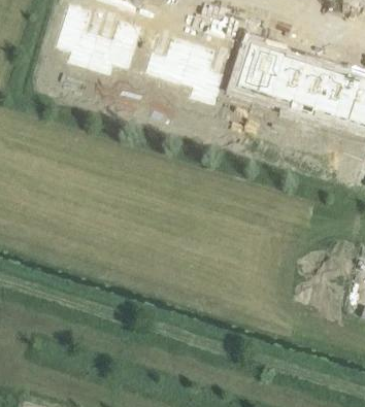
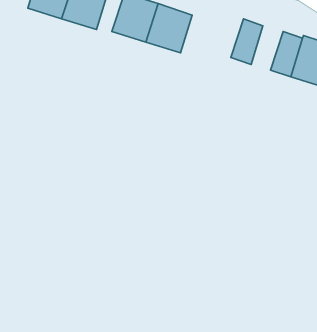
building: [237,42,285,97] -> none
building: [293,63,327,110] -> none

